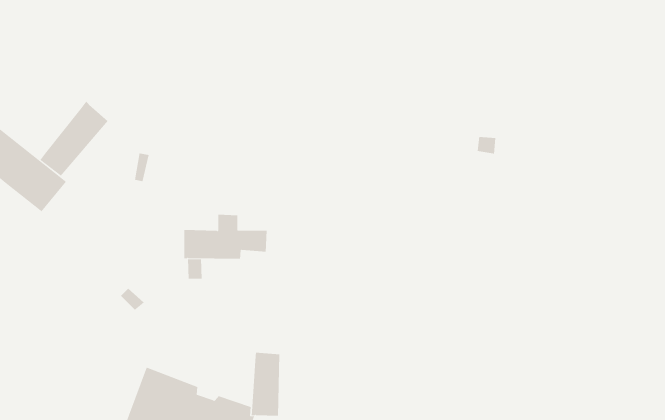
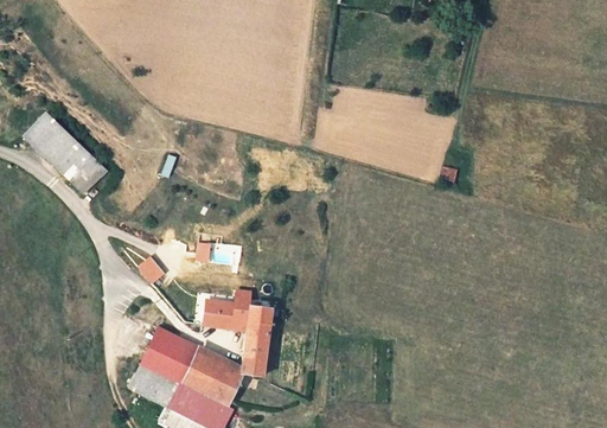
building: [39,101,108,177] -> none
building: [183,214,267,259] -> [200,292,270,330]

